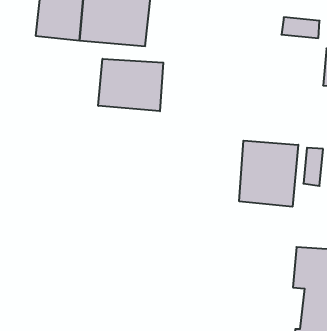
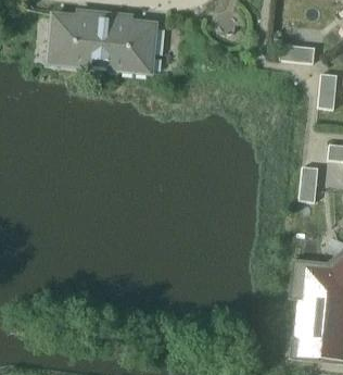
building: [98,59,163,111] -> none
building: [239,141,298,207] -> none

